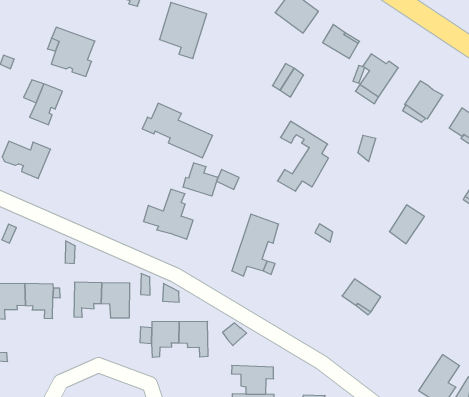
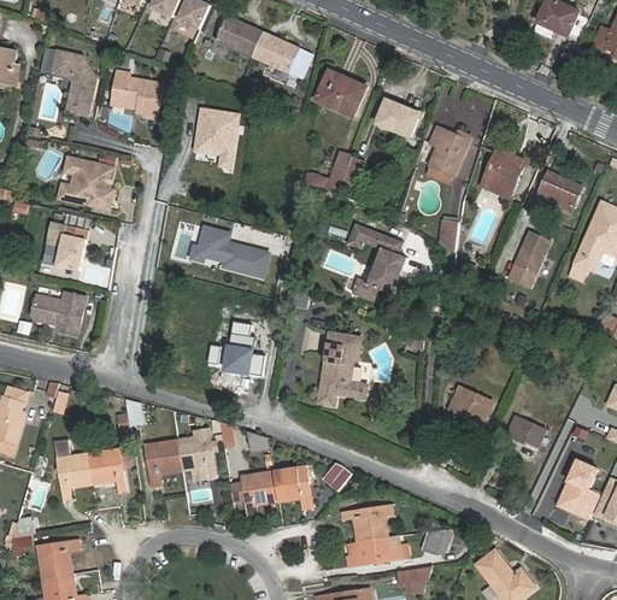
building: [183,163,218,196] -> none
building: [389,205,424,244] -> [515,233,552,277]
building: none -> [506,416,547,446]

